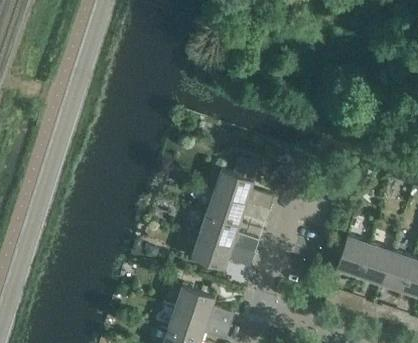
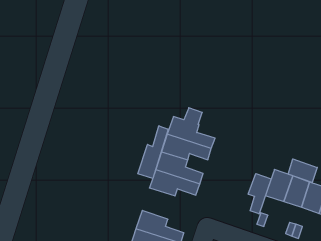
building: none -> [138,126,168,178]
building: none -> [288,159,317,182]
building: none -> [248,174,271,214]

